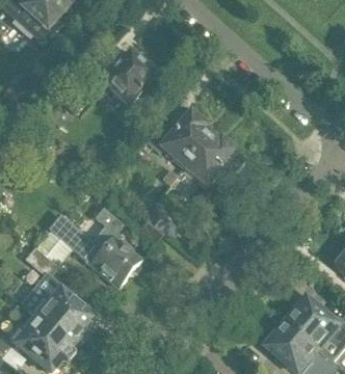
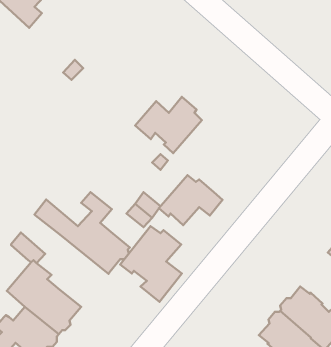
building: [96,52,151,106] -> none
building: [184,136,246,185] -> [159,175,222,225]
building: none -> [120,226,182,302]

